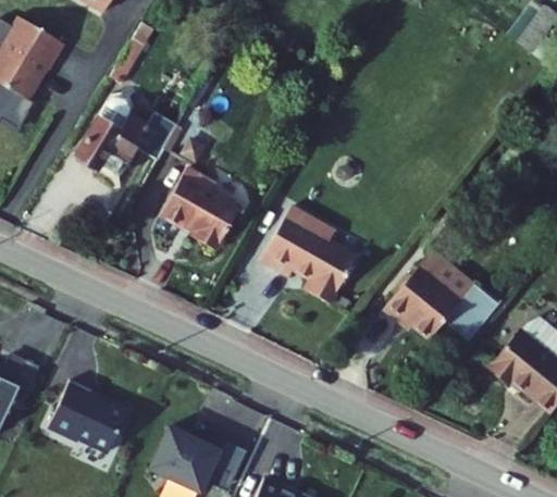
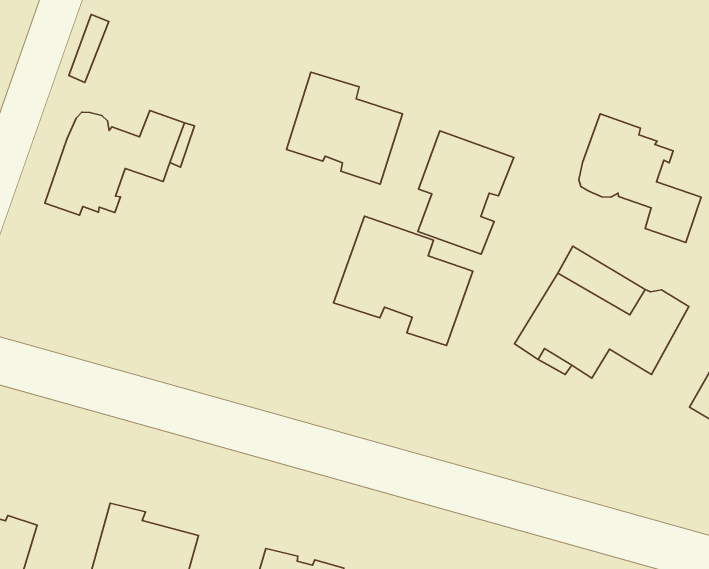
building: none -> [418,131,514,254]
building: none -> [579,114,701,243]
building: [163,166,245,249] -> [287,72,403,184]

